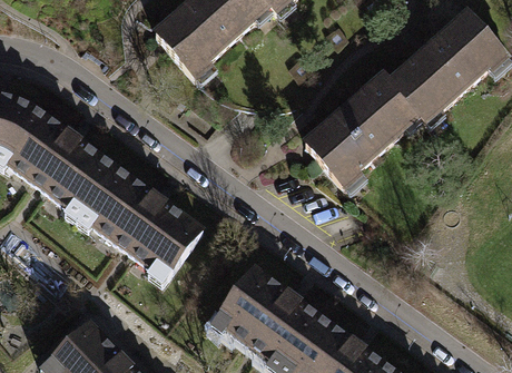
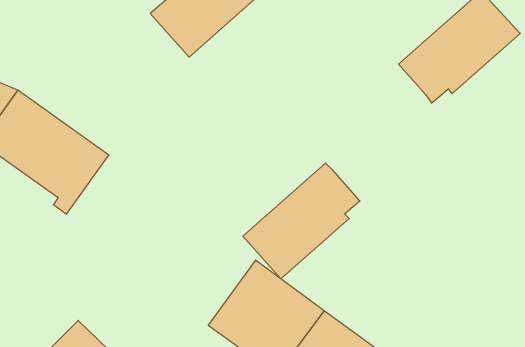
building: [305,73,415,183] -> [243,163,360,279]
building: [77,166,204,284] -> none

